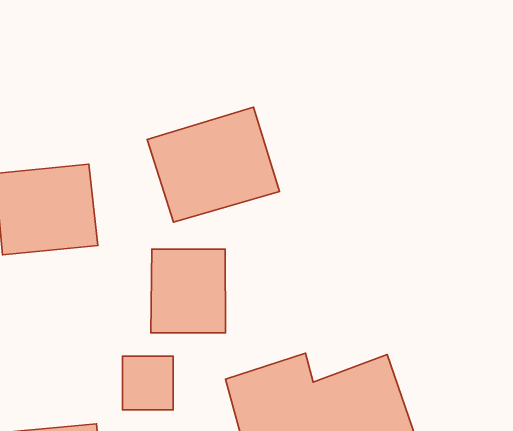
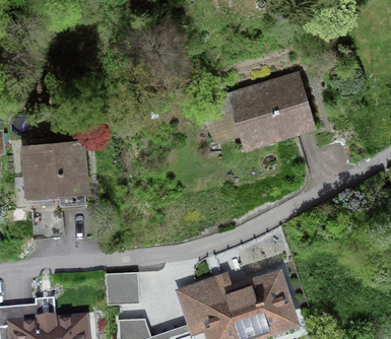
building: [147,107,280,222] -> [227,71,315,147]
building: [151,249,225,333] -> none

